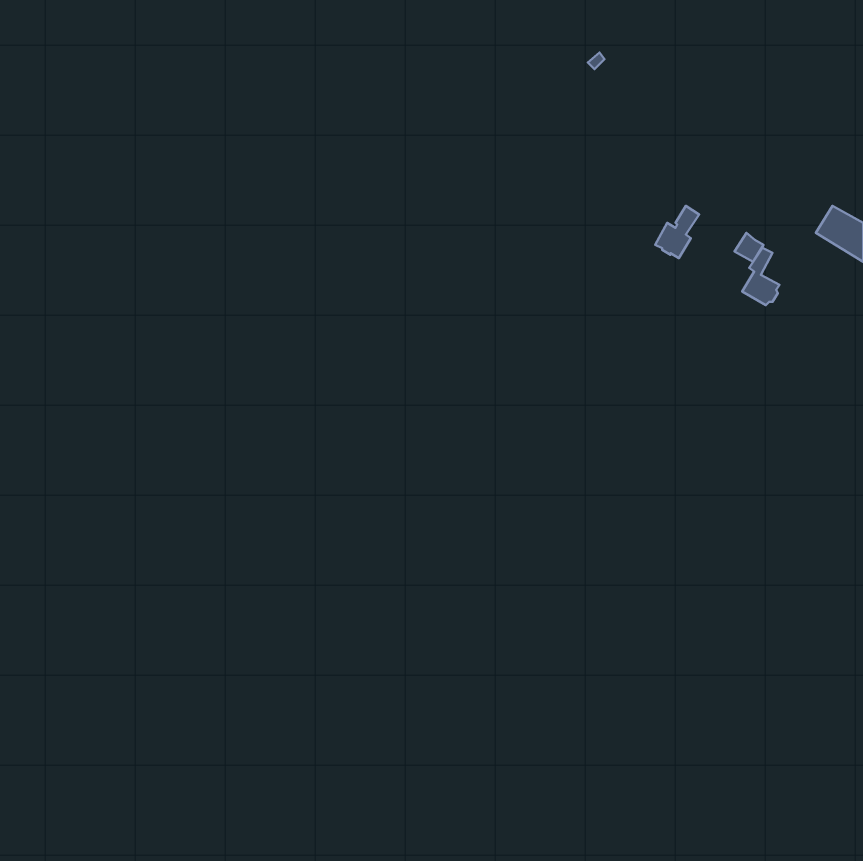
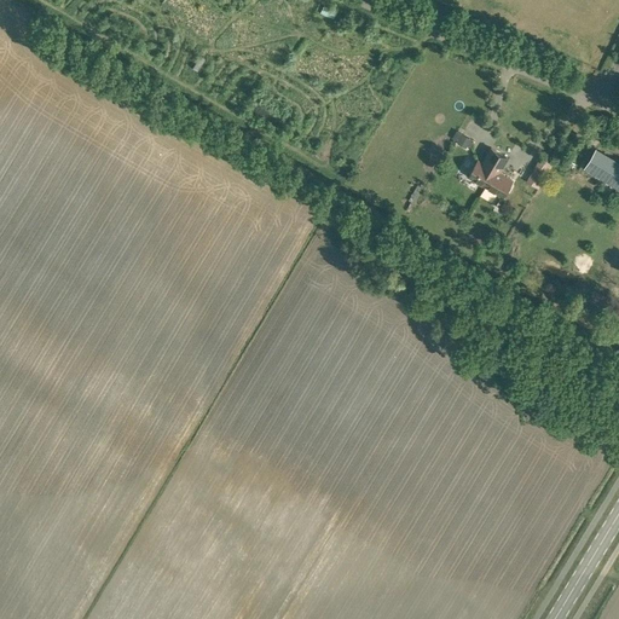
building: [742,248,779,305] -> [486,155,513,196]

